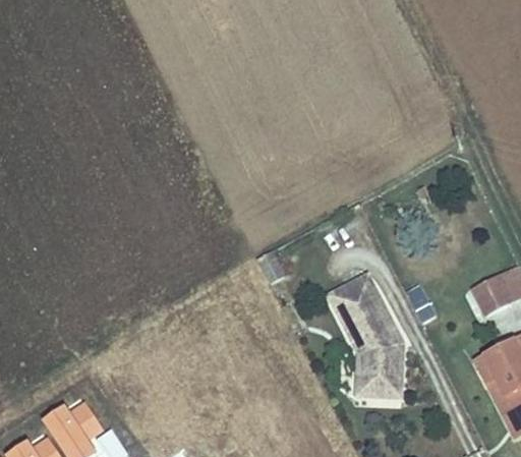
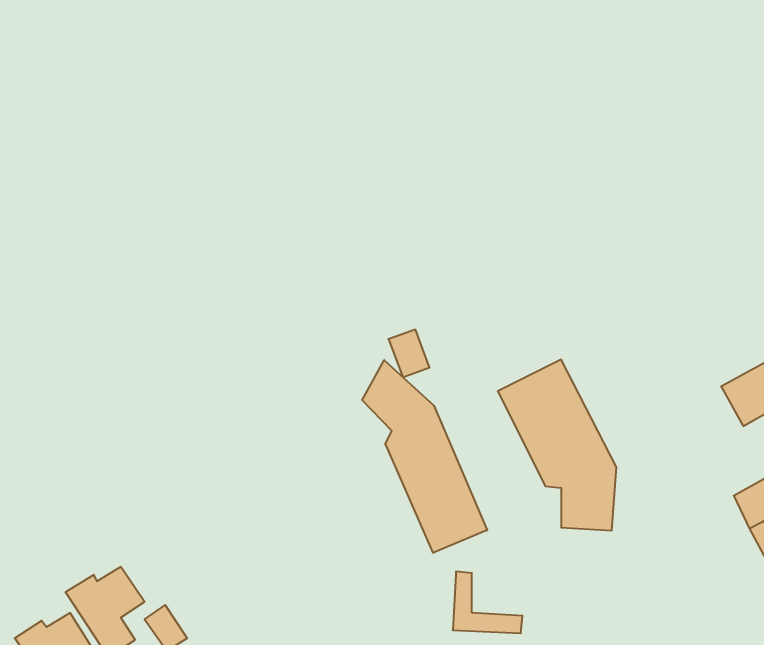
building: none -> [362,360,487,553]
building: [356,354,401,394] -> [453,572,523,633]

